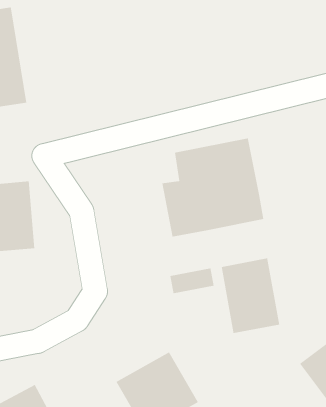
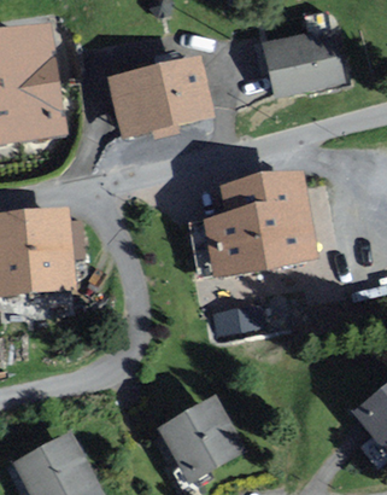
building: none -> [260,37,345,103]
building: none -> [109,54,215,136]
building: [221,258,280,334] -> none

